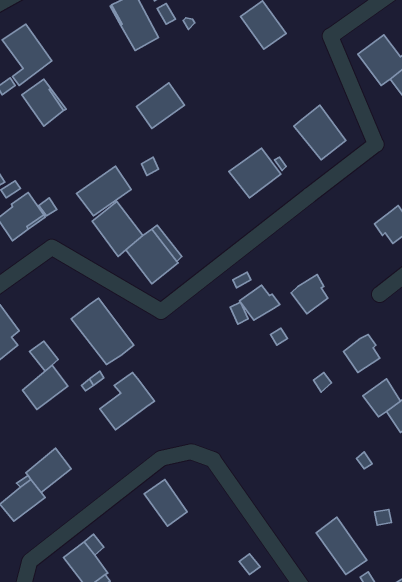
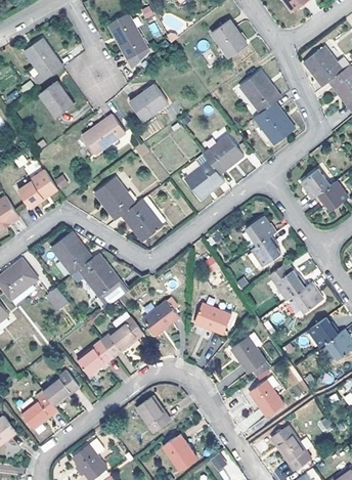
building: none -> [238,70,280,113]
building: [76,166,131,216] -> [81,115,124,154]
building: none -> [184,154,223,200]
building: none -> [300,169,329,200]
building: none -> [50,231,92,274]
building: [240,285,280,320] -> [245,216,276,244]
building: none -> [268,262,305,299]
building: none -> [142,300,178,336]
building: none -> [194,303,229,334]
building: [22,365,68,410] -> [77,340,113,375]
building: none -> [230,332,269,377]
building: none -> [249,380,282,417]
building: none -> [163,434,196,470]

